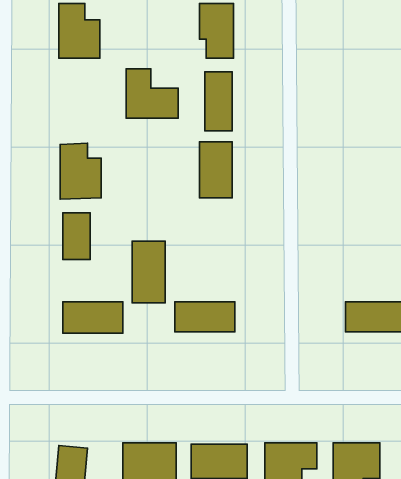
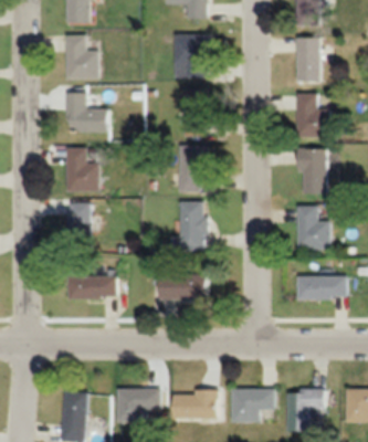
building: none -> [295,38,318,83]
building: [126,69,178,118] -> [65,93,107,133]
building: none -> [295,94,328,138]
building: none -> [297,150,325,194]
building: none -> [295,207,328,250]
building: [132,241,165,303] -> [179,202,206,252]

